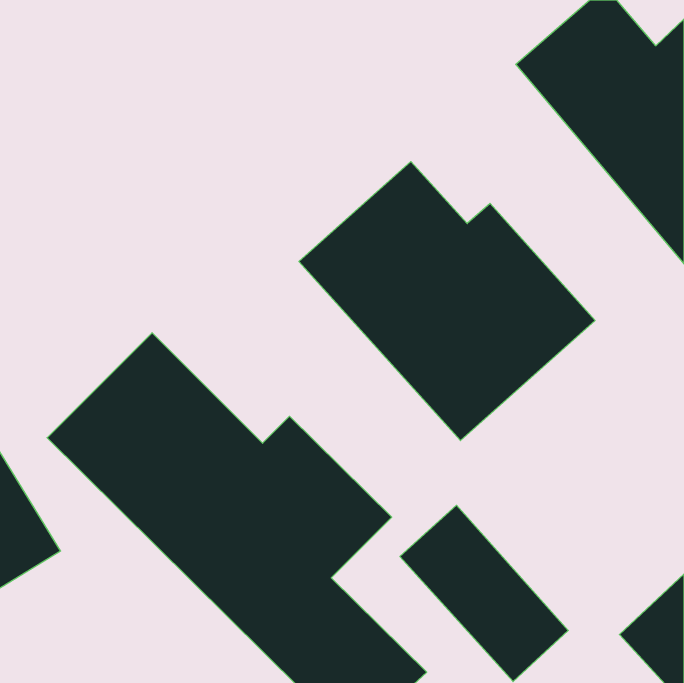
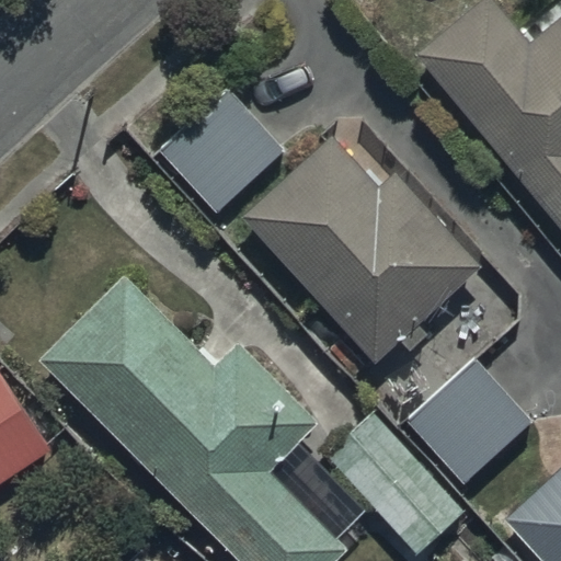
building: none -> [161,92,285,216]
building: none -> [408,362,529,482]

